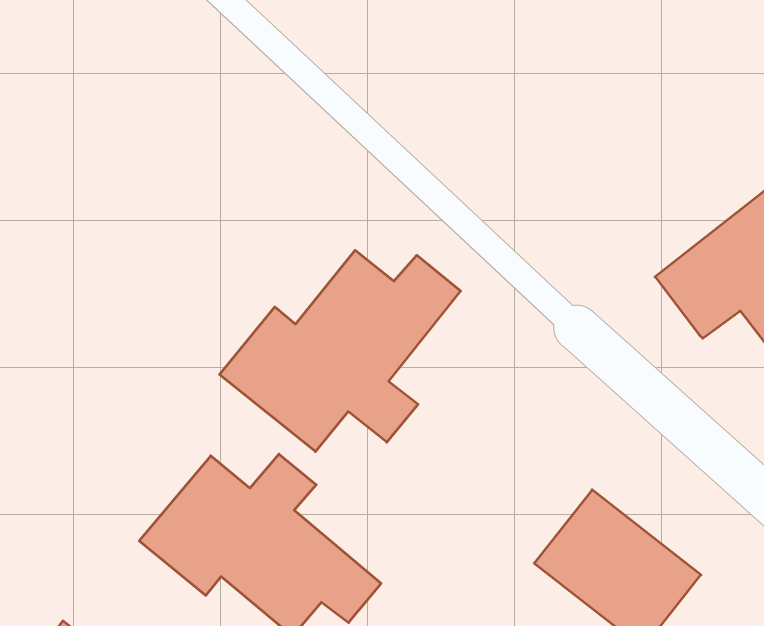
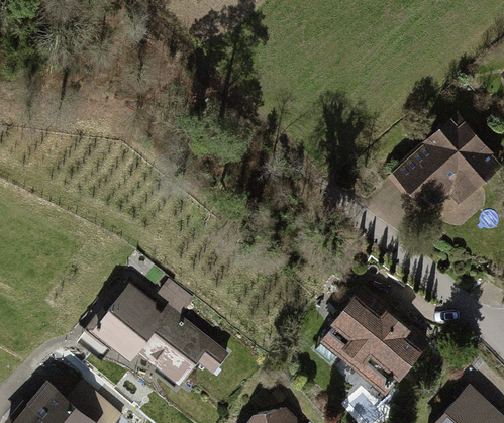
building: [220,250,461,452] -> none

